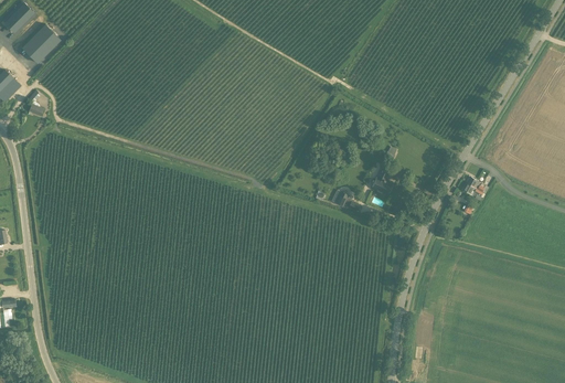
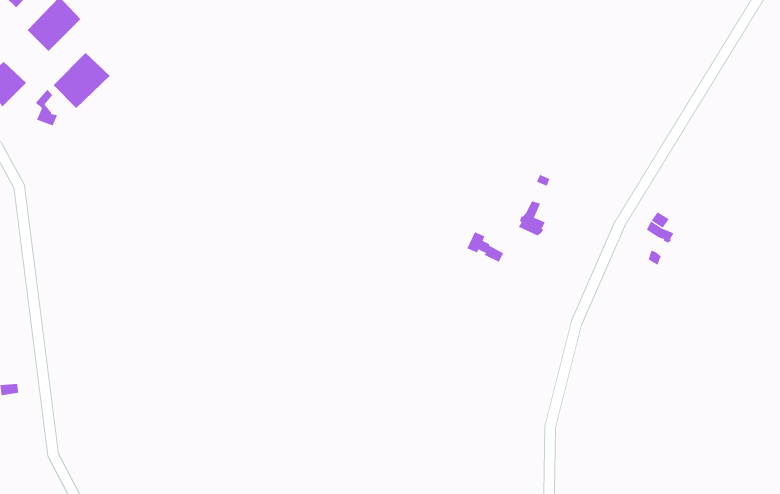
building: none -> [53,52,111,109]

